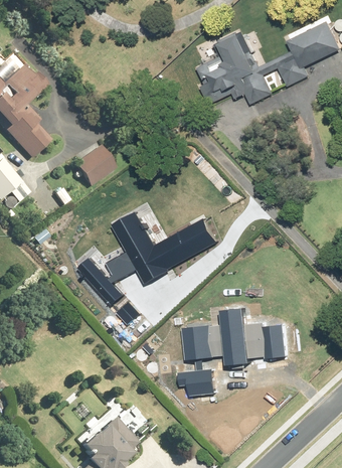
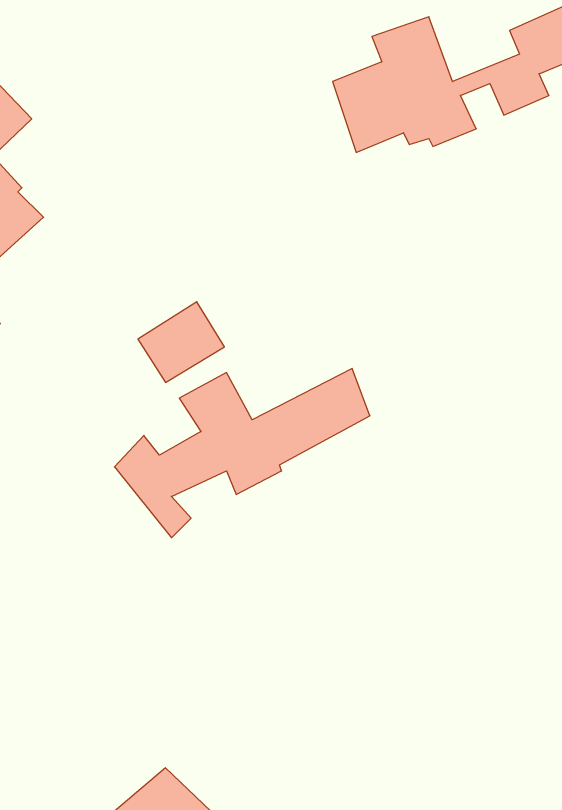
building: [69,145,114,186] -> [138,302,224,382]
building: [180,305,289,394] -> none

